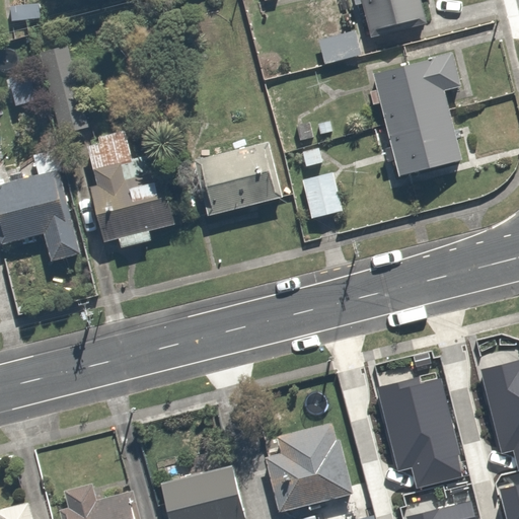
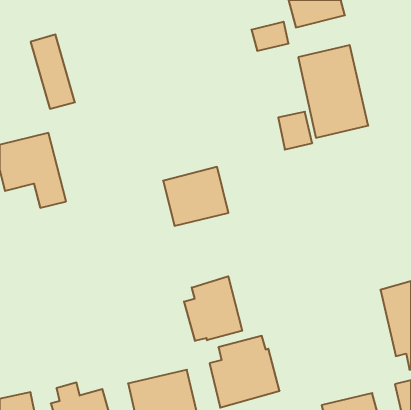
building: [87,128,177,248] -> none
building: [200,142,282,216] -> [163,167,228,226]
building: [303,172,346,220] -> [278,112,312,150]
building: none -> [184,276,242,341]
building: [375,374,460,486] -> none

